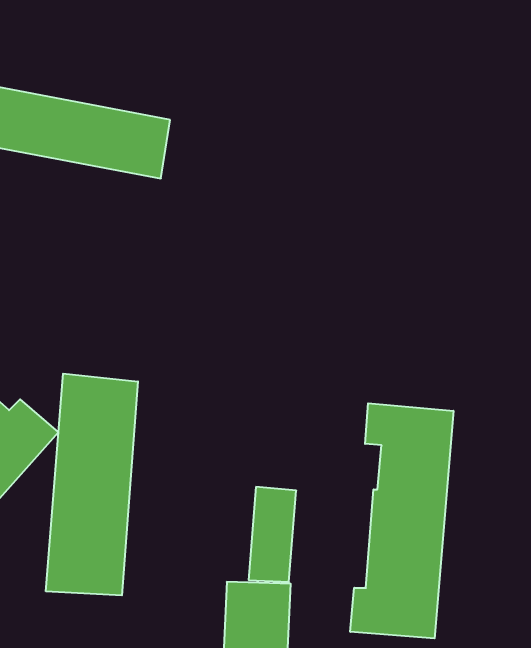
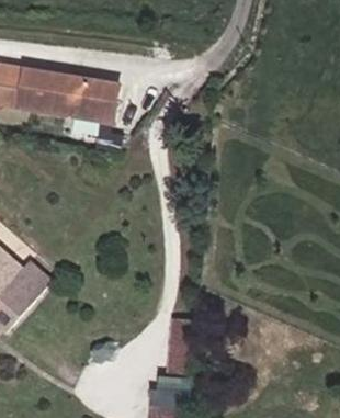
building: [46,374,138,595] -> none
building: [350,403,453,638] -> none

